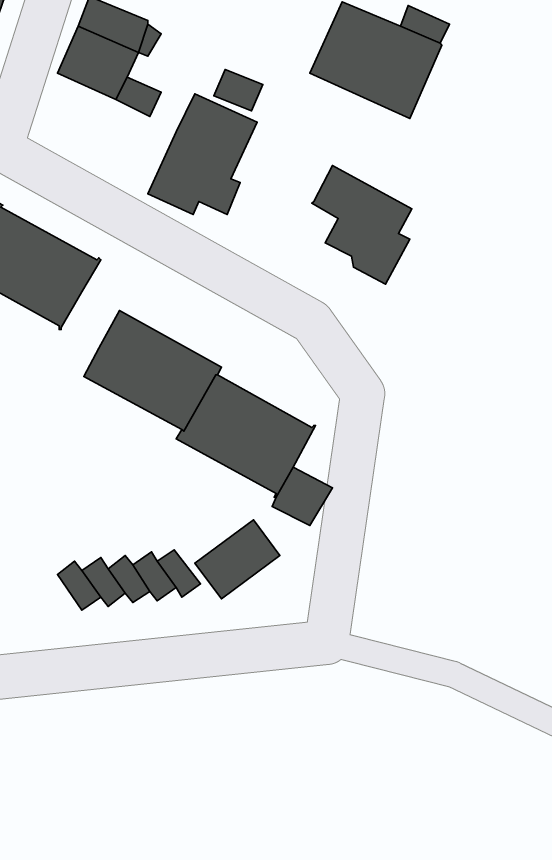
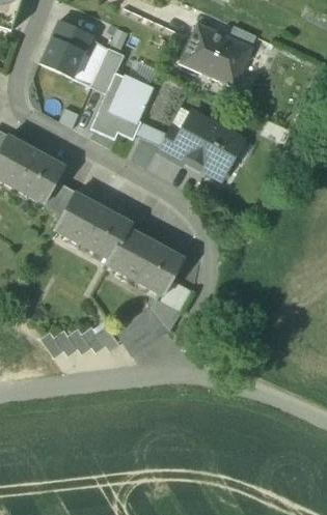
building: none -> [91,48,125,94]
building: none -> [157,126,195,164]
building: none -> [43,182,75,213]

